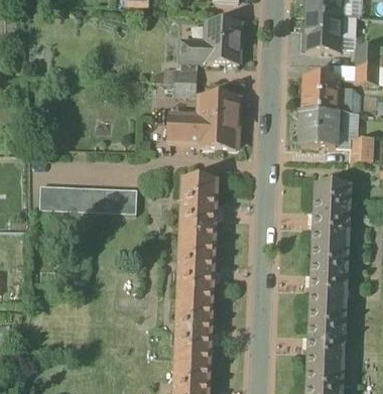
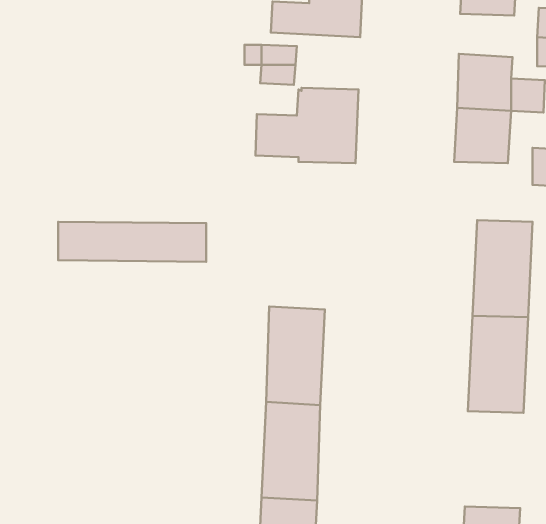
building: [179,178,219,243] -> none
building: [307,309,346,373] -> none

